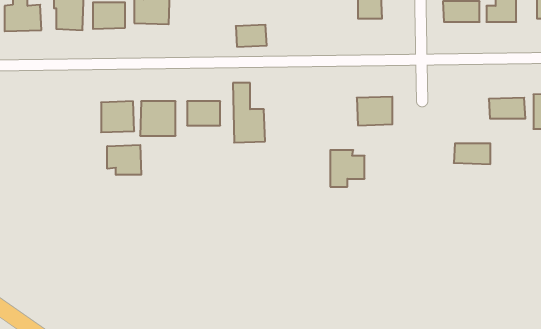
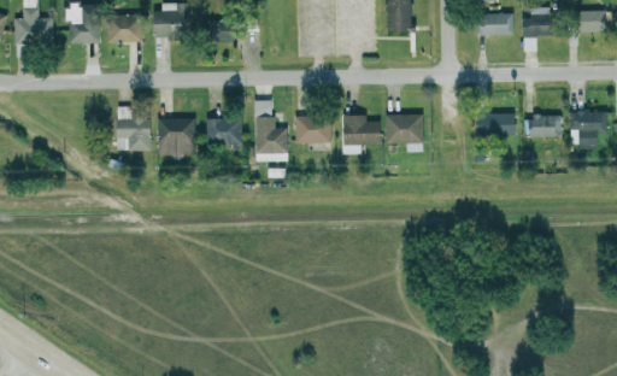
building: [236,25,267,47] -> [201,19,234,42]
building: none -> [295,114,331,142]
building: [454,143,490,164] -> [476,113,515,135]
building: [107,145,141,175] -> none
building: [330,150,365,187] -> [343,114,380,153]

